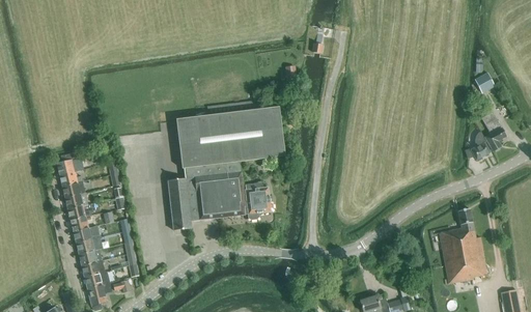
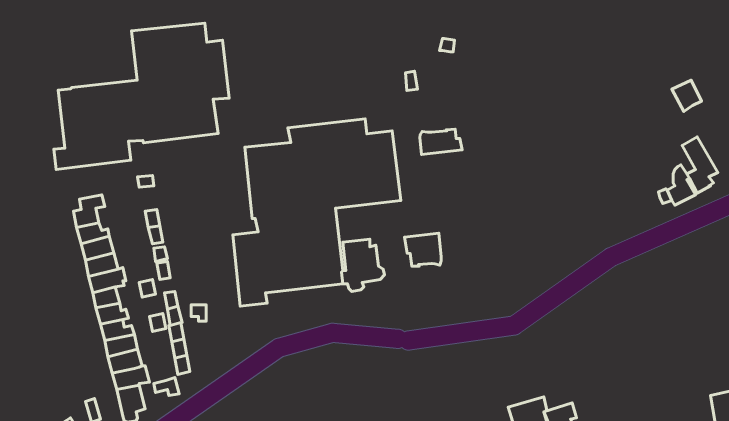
building: none -> [54,23,229,169]
building: none -> [420,129,462,155]
building: none -> [405,233,441,266]
building: [439,207,487,282] -> none

